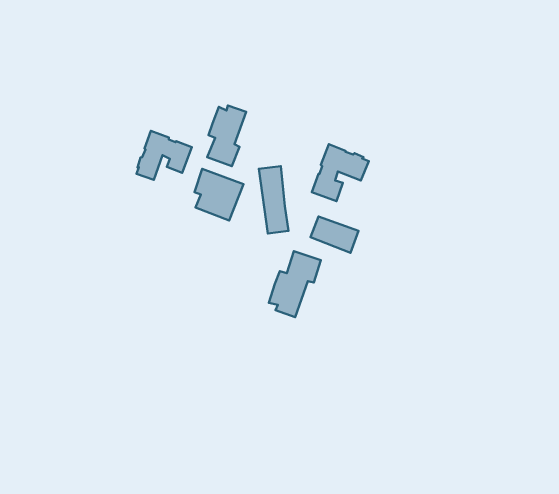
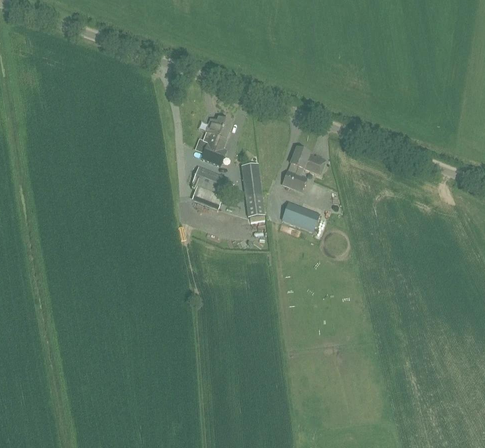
building: [137,131,192,180] -> none
building: [269,251,321,317] -> none

